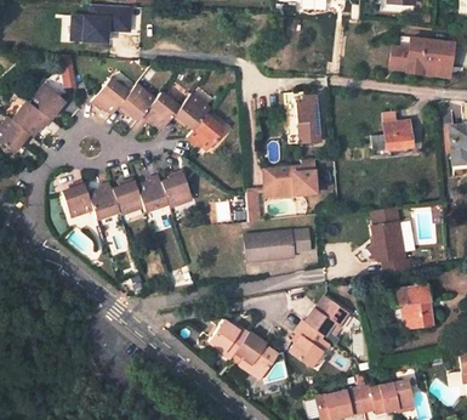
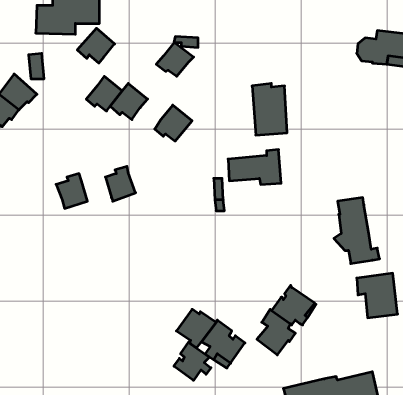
building: [91,78,129,113] -> [77,28,115,63]
building: [172,93,210,127] -> [156,43,194,76]
building: [370,109,411,152] -> none
building: [160,171,192,206] -> none
building: [113,177,143,214] -> none
building: [62,181,93,216] -> none
building: [244,228,311,261] -> none
building: none -> [174,342,211,380]

